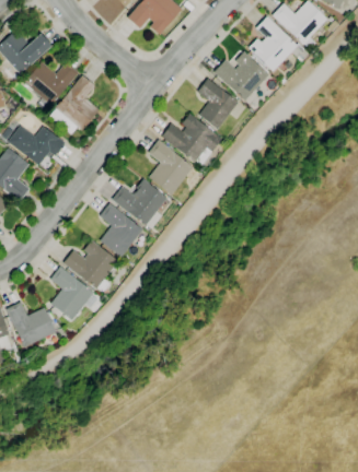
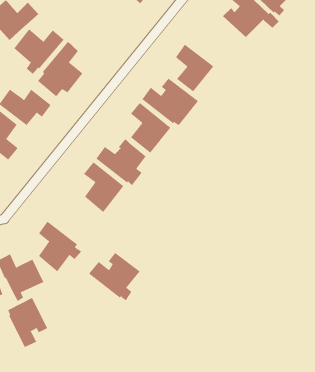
building: [213,51,269,101] -> none
building: [62,240,118,293] -> [88,252,140,301]
building: none -> [8,297,48,348]

